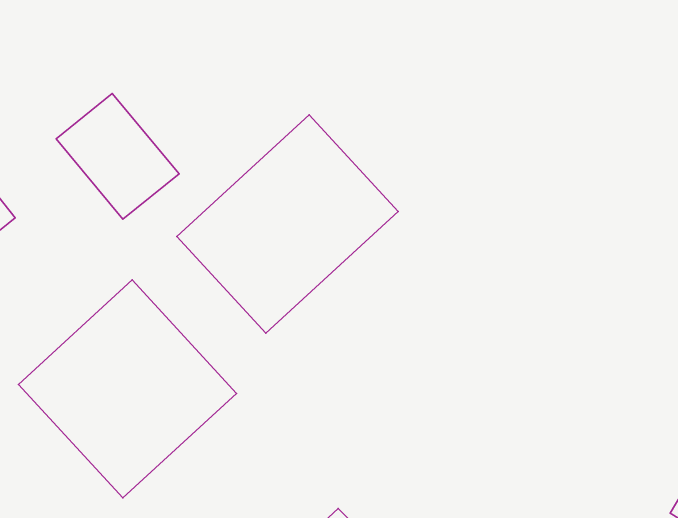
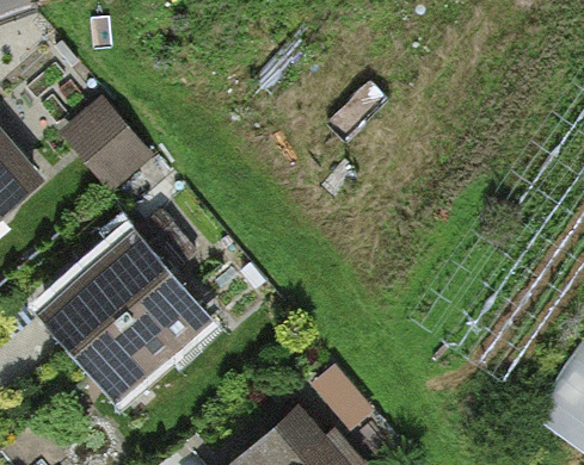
building: [177,115,398,333] -> none

